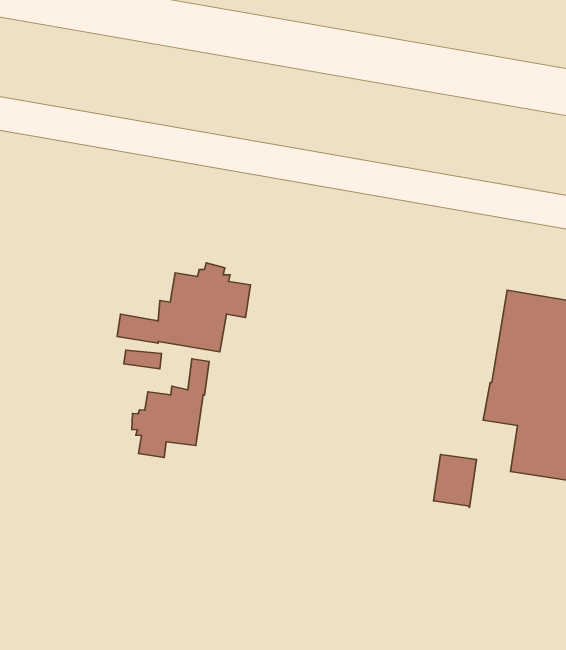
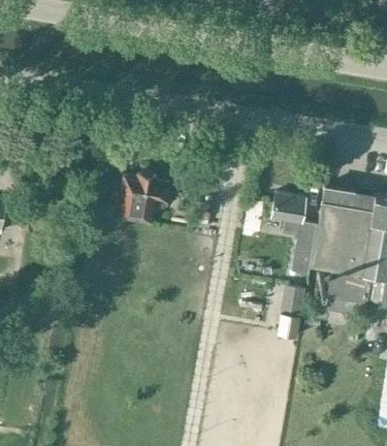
building: none -> [272,193,318,275]
building: [132,359,209,457] -> none

